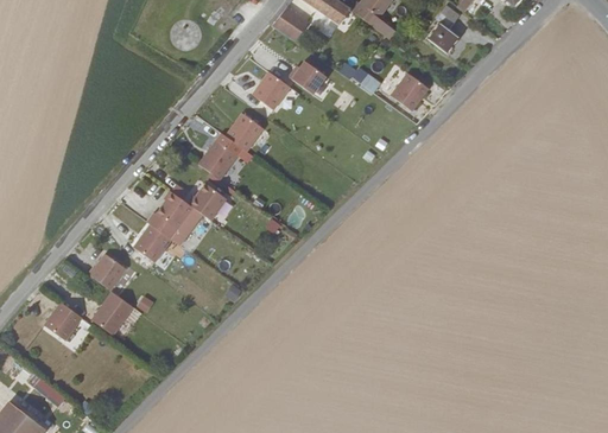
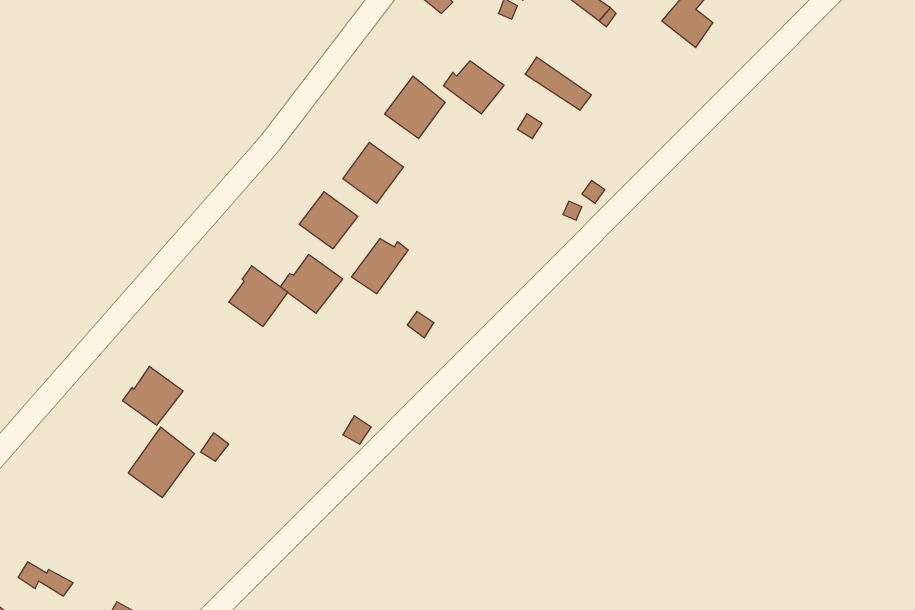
building: [392,71,431,112] -> none
building: none -> [351,238,408,294]
building: [134,223,172,262] -> none
building: [45,301,82,339] -> none

